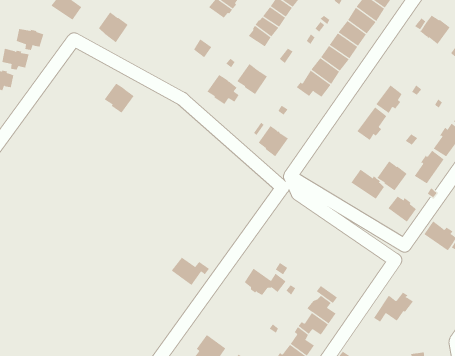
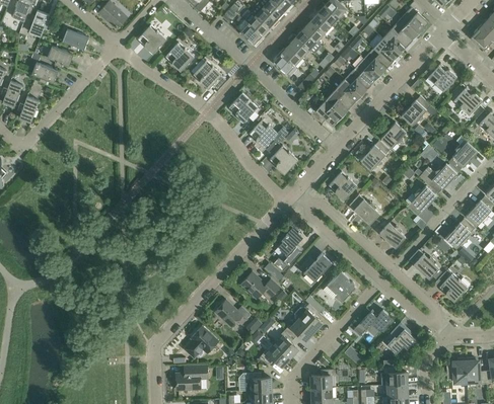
building: none -> [193,60,225,89]
building: none -> [401,95,430,126]
building: [237,63,268,95] -> [249,118,277,148]
building: [103,83,134,113] -> [164,43,193,71]
building: [376,160,407,191] -> [328,171,356,199]
building: none -> [273,228,302,271]
building: none -> [298,253,331,281]
building: none -> [323,270,354,304]
building: [171,257,210,286] -> [214,300,250,327]
building: none -> [382,329,415,352]

